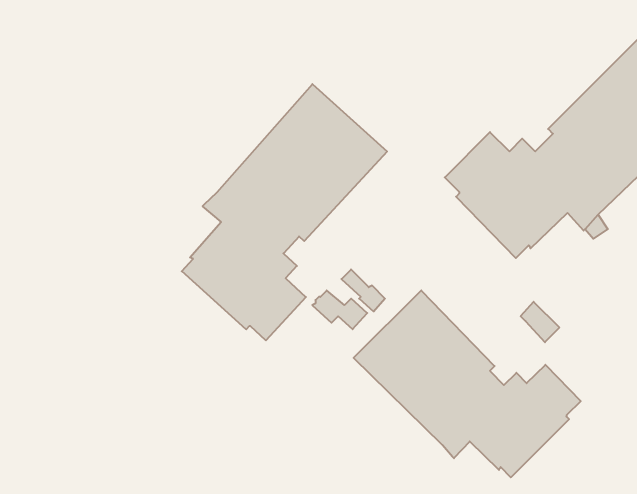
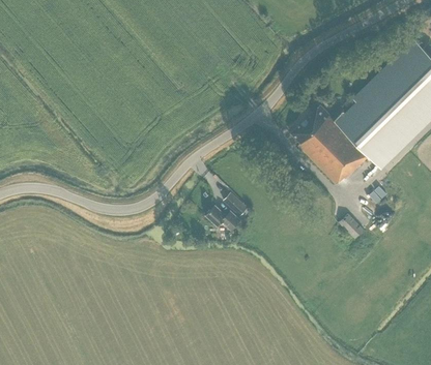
building: [182,84,387,340] -> none
building: [354,290,581,477] -> none

